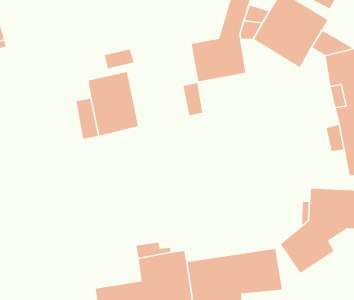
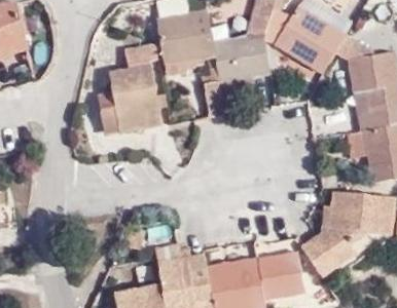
building: none -> [156,15,215,69]

